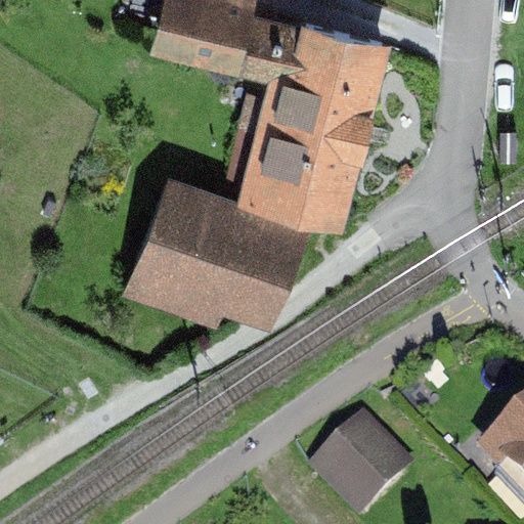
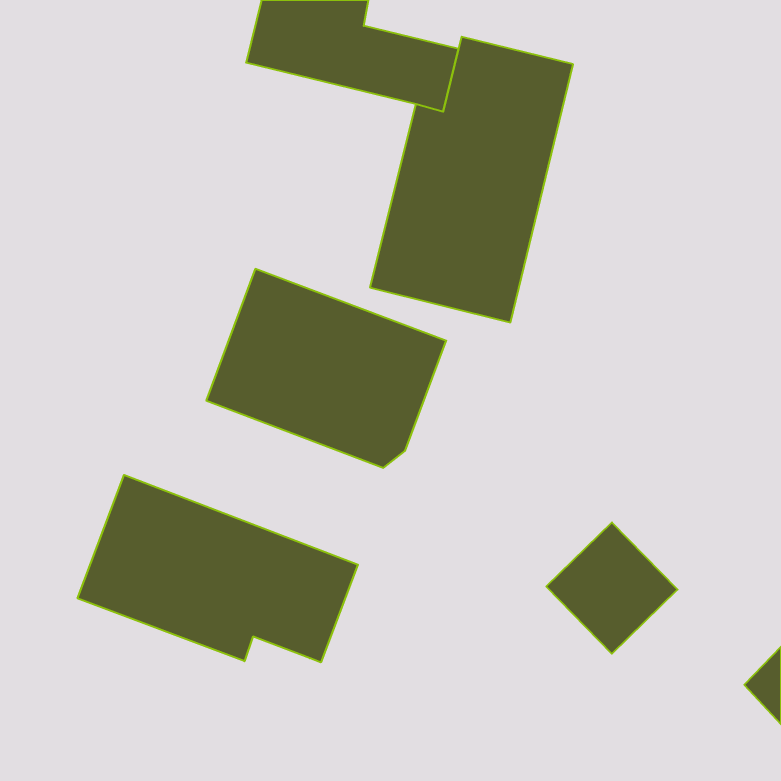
building: none -> [78,475,358,662]
building: [320,425,408,513] -> [546,522,678,654]

